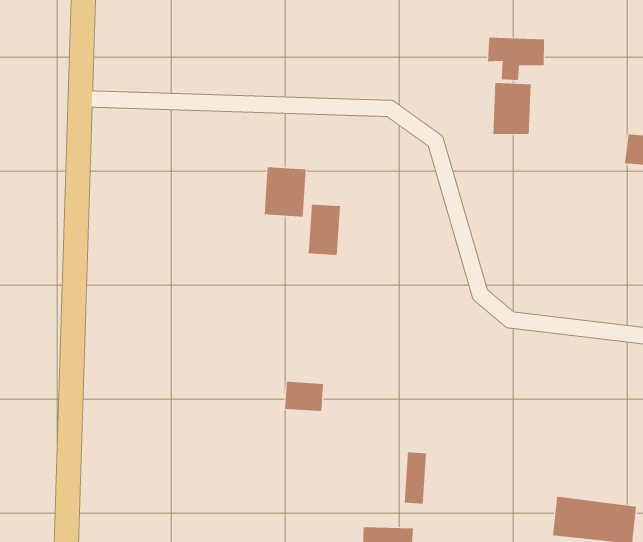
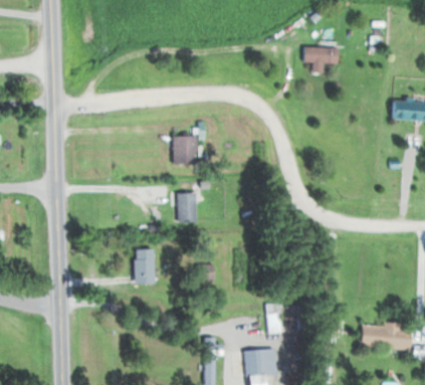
building: [493,82,531,135] -> none
building: [308,204,341,255] -> [179,192,197,222]
building: none -> [134,248,154,285]

